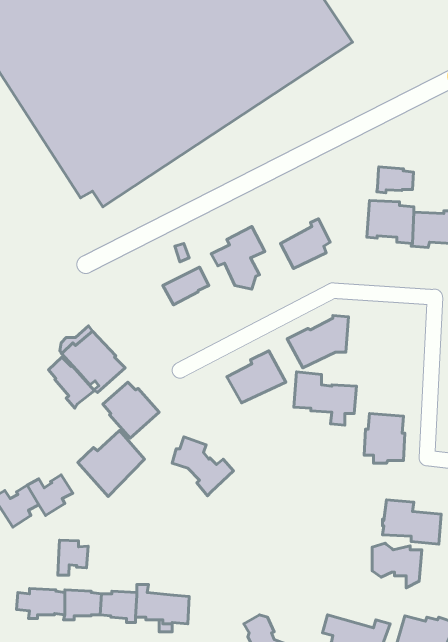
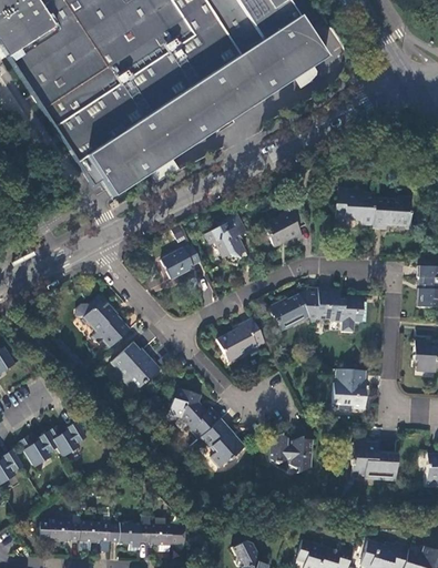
building: [377,167,414,193] -> none
building: [48,357,94,408] -> none
building: [294,372,357,425] -> [318,288,371,334]
building: [78,431,145,496] -> none
building: none -> [204,419,247,468]
building: [58,540,88,575] -> none
building: [372,543,422,588] -> [272,436,314,474]

